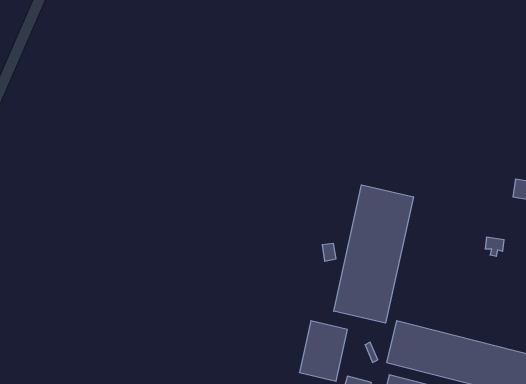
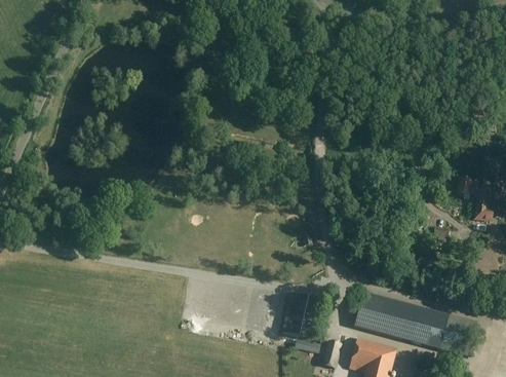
building: [334,185,413,323] -> none

